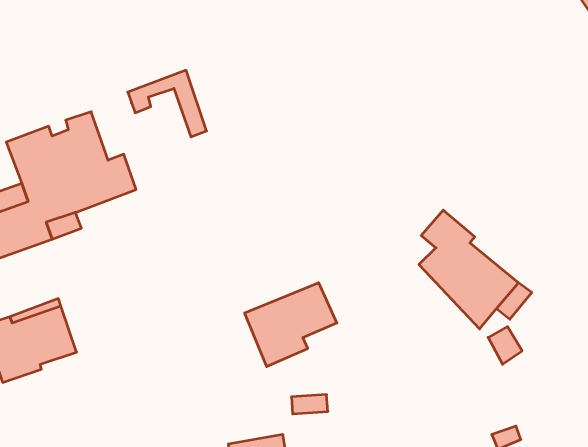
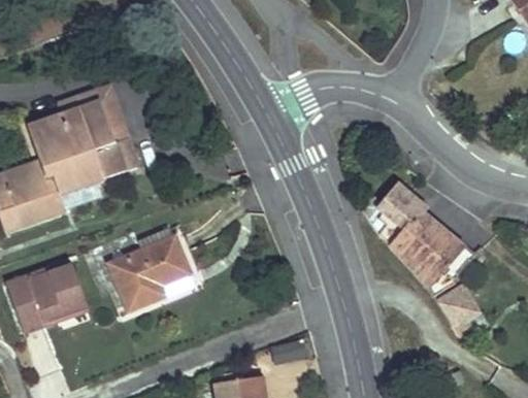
building: [128,70,207,137] -> [60,86,127,142]
building: [245,283,337,367] -> [111,237,190,308]

